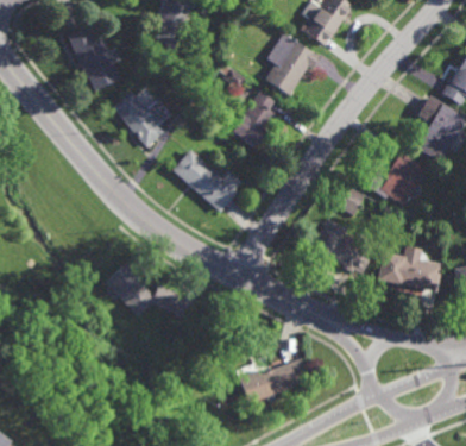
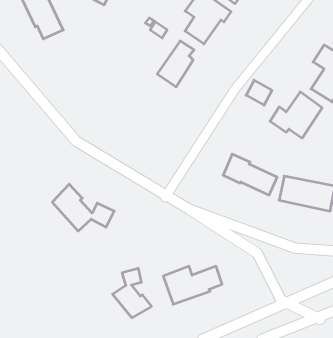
building: [114,90,170,144] -> none
building: [170,149,241,213] -> none
building: [334,184,365,214] -> [246,80,272,105]
building: none -> [113,268,151,318]

